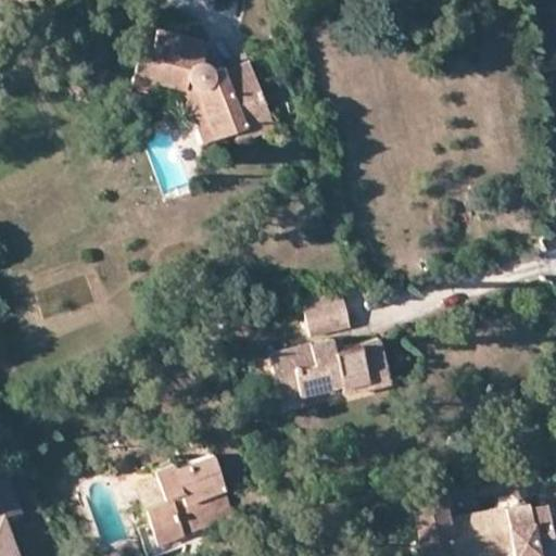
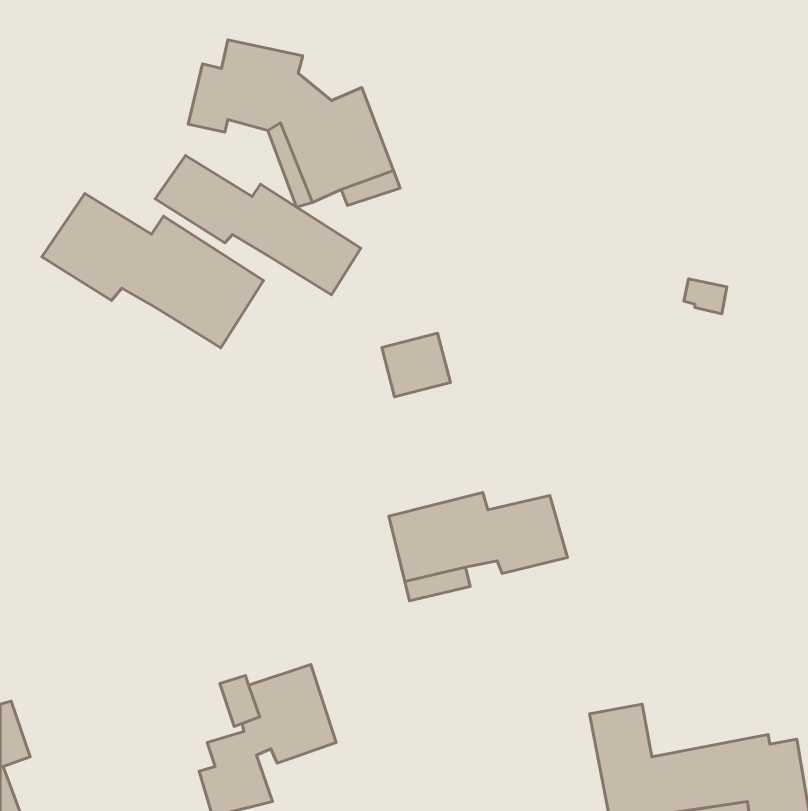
building: none -> [155,156,361,295]
building: none -> [42,194,263,348]
building: [305,294,352,338] -> [382,333,450,397]

